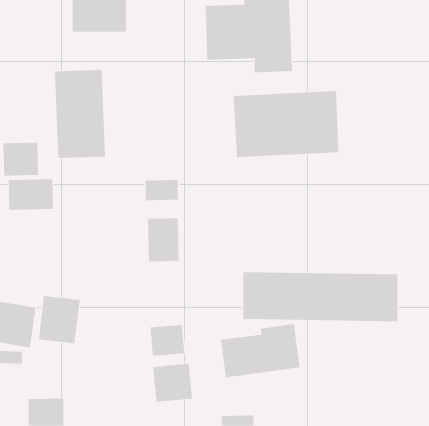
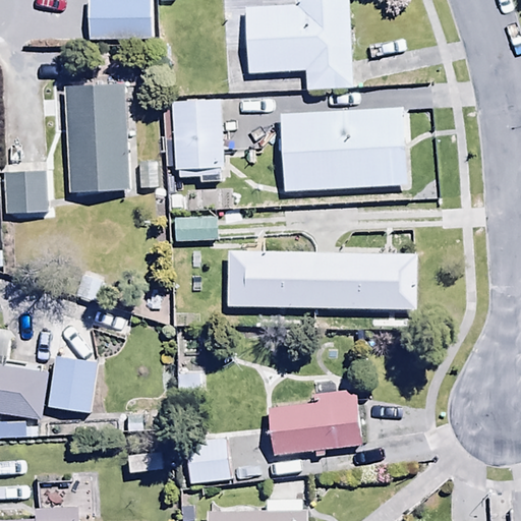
building: none -> [172,100,224,183]
building: [8,179,54,211] -> none
building: [148,217,179,262] -> none
building: [243,272,398,322] -> [228,250,415,310]
building: [150,324,185,357] -> none

